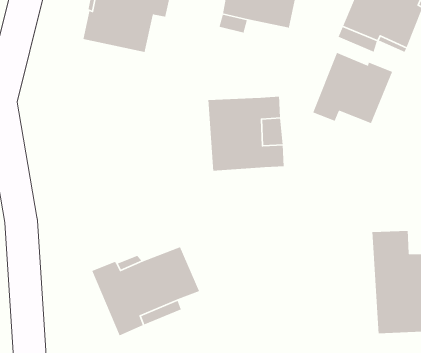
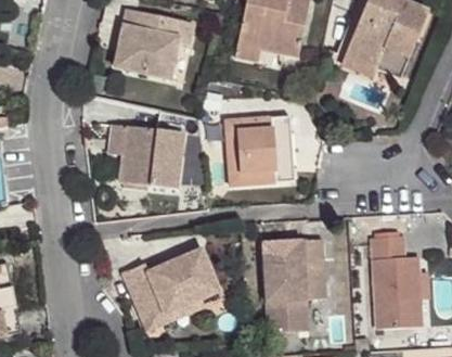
building: [312,52,393,124] -> none
building: none -> [107,124,184,189]
building: none -> [262,238,325,332]

